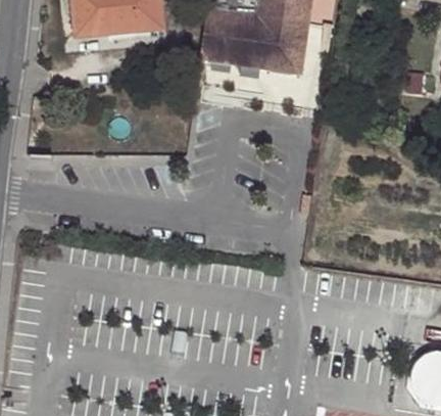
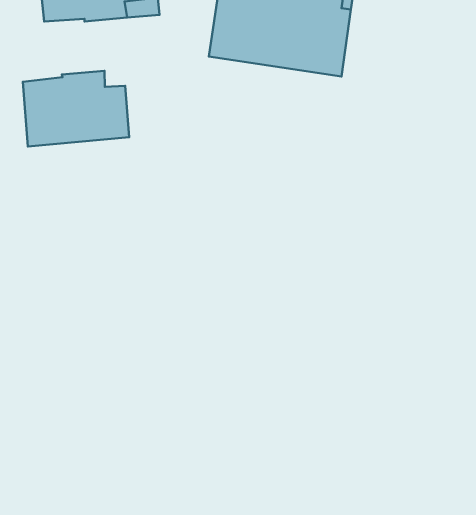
building: none -> [23,71,129,146]

